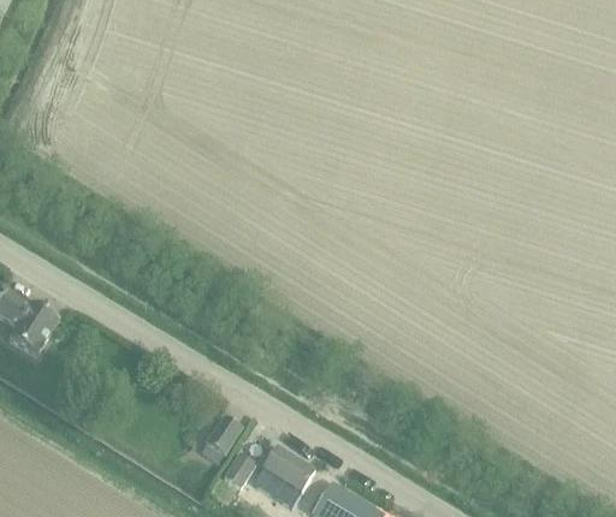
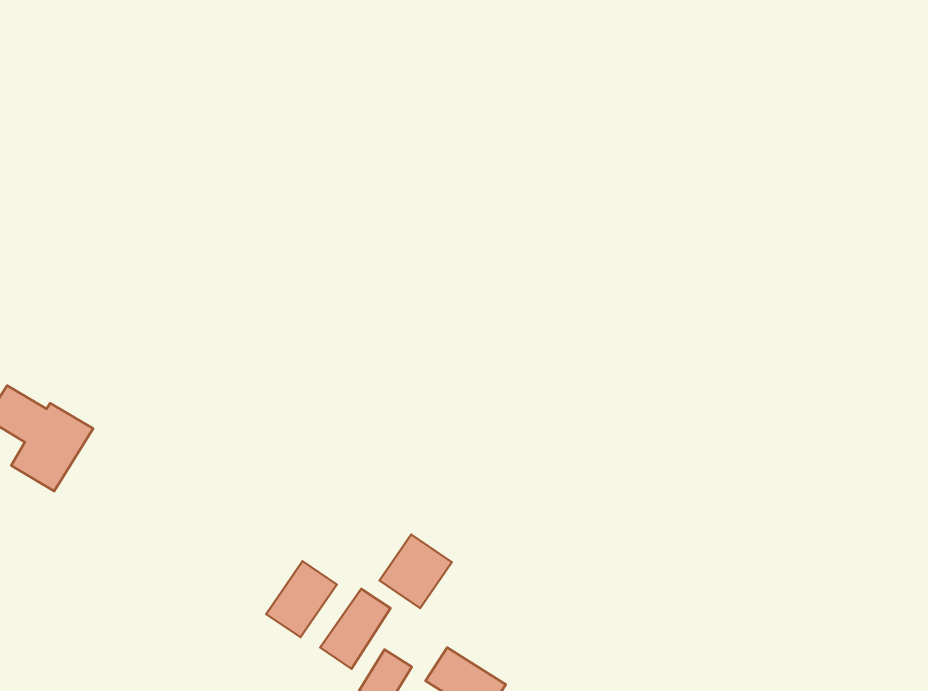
building: none -> [380,535,452,608]
building: none -> [266,561,337,637]

